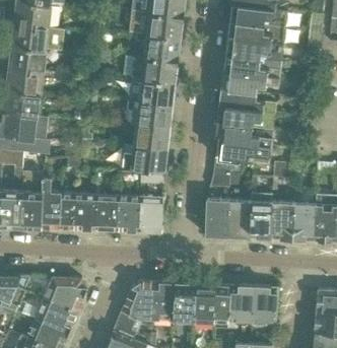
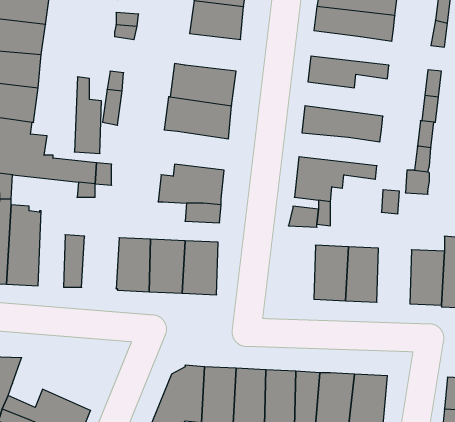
building: [225,55,280,78] -> none
building: [132,56,178,82] -> none
building: [221,89,275,113] -> none
building: [133,123,170,149] -> none
building: [217,124,272,146] -> none
building: [41,177,59,228] -> [74,77,101,153]
building: [70,194,95,229] -> none
building: [205,199,228,236] -> none
building: [270,202,293,239] -> none
building: [44,277,87,311] -> none

